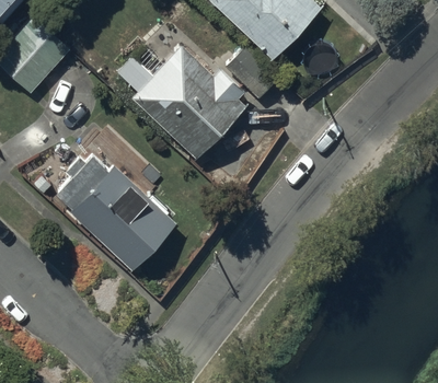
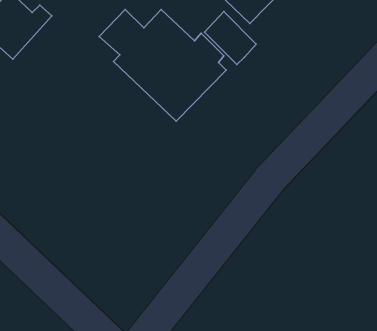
building: [57,155,177,271] -> none

